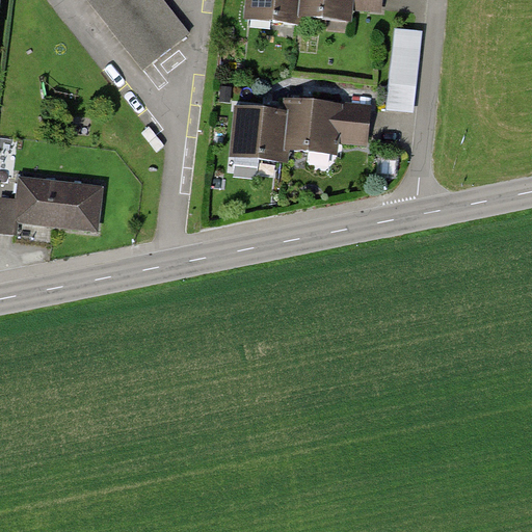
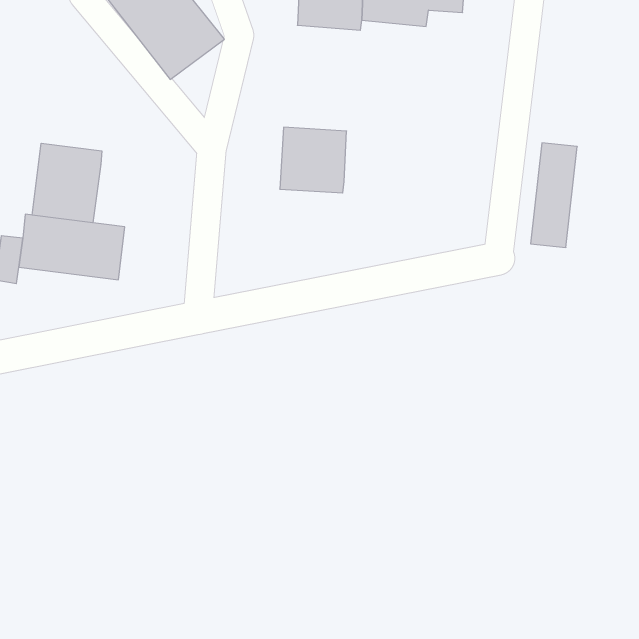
building: [384,26,423,112] -> [531,143,577,247]
building: [284,99,369,153] -> none
building: none -> [32,143,102,223]

